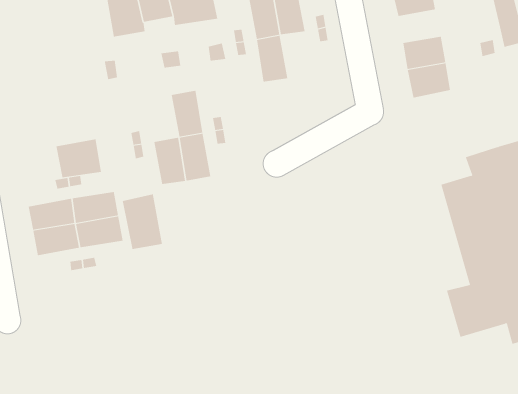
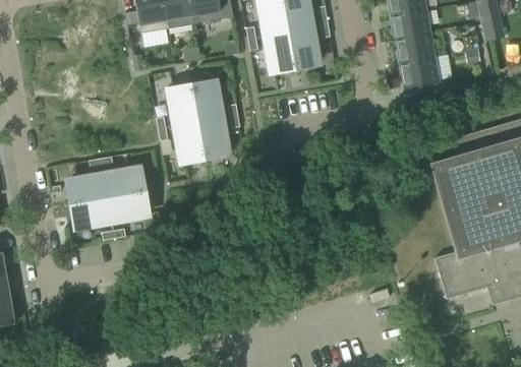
building: none -> [392,11,430,41]
building: none -> [288,30,317,72]
building: none -> [169,86,198,128]
building: [56,138,101,178] -> none
building: [122,193,162,250] -> none

